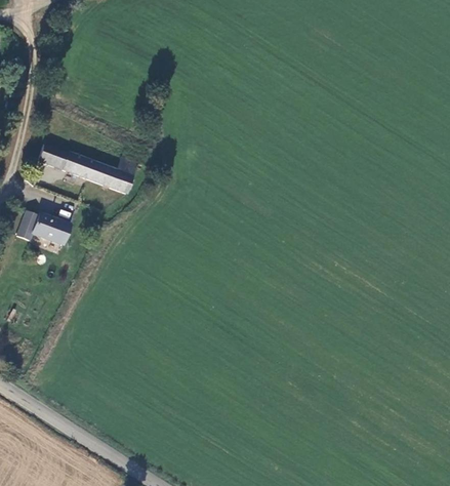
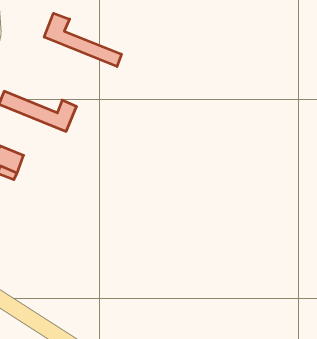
building: none -> [44,13,121,67]

